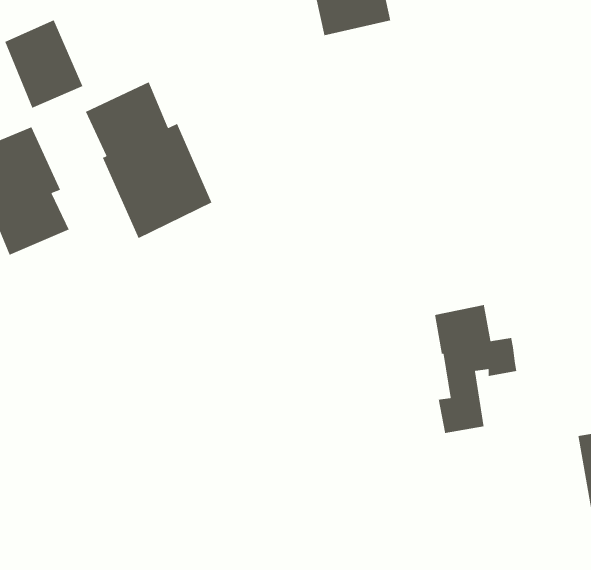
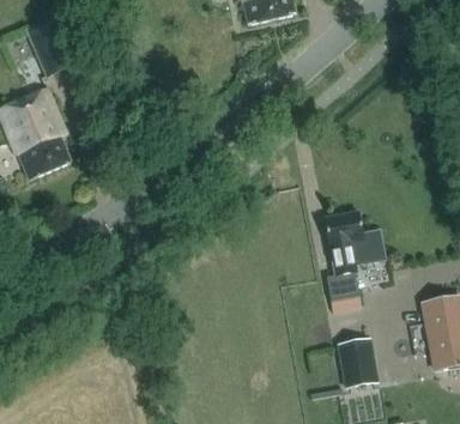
building: [85,81,213,239] -> none
building: none -> [339,340,379,388]

